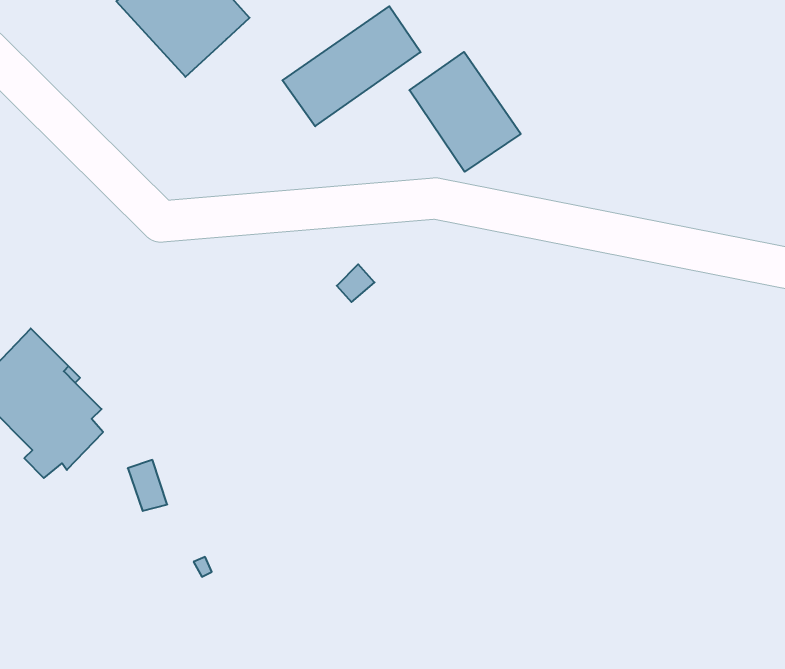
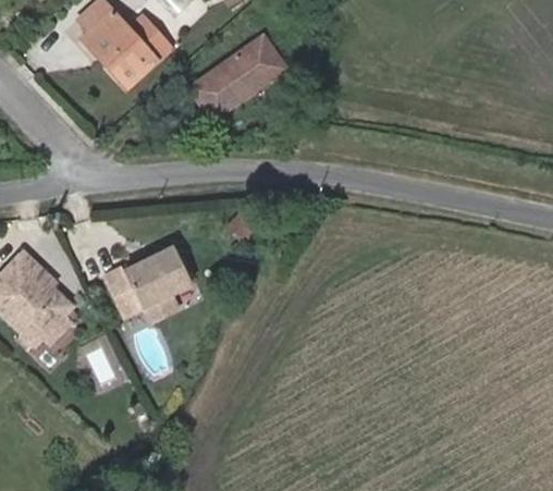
building: [409,52,521,172] -> none
building: none -> [102,247,191,320]

